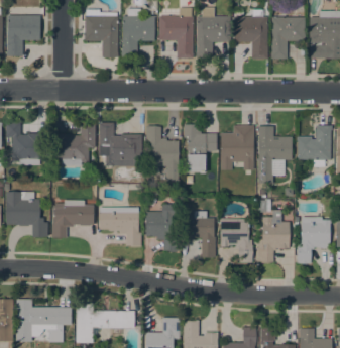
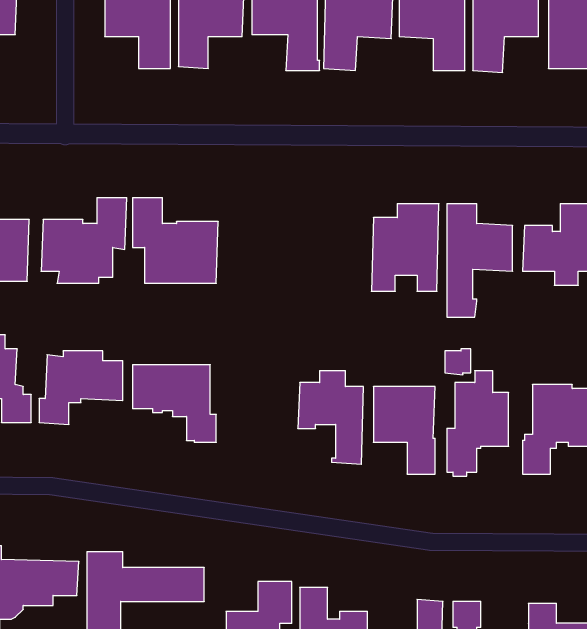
building: [184,123,217,172] -> none
building: [144,126,179,183] -> none
building: [145,204,179,251] -> none

